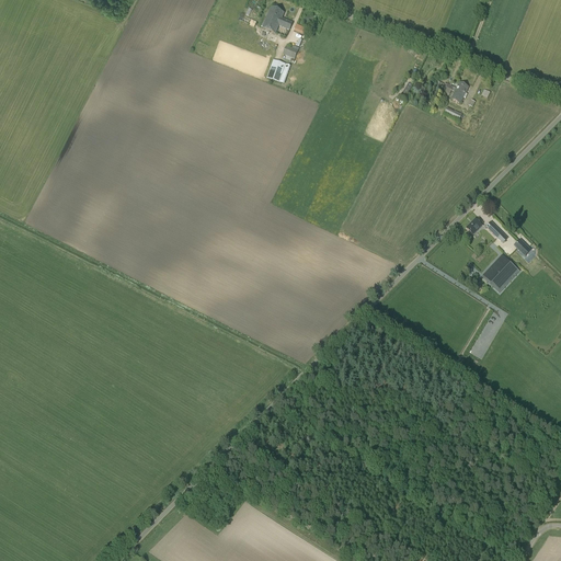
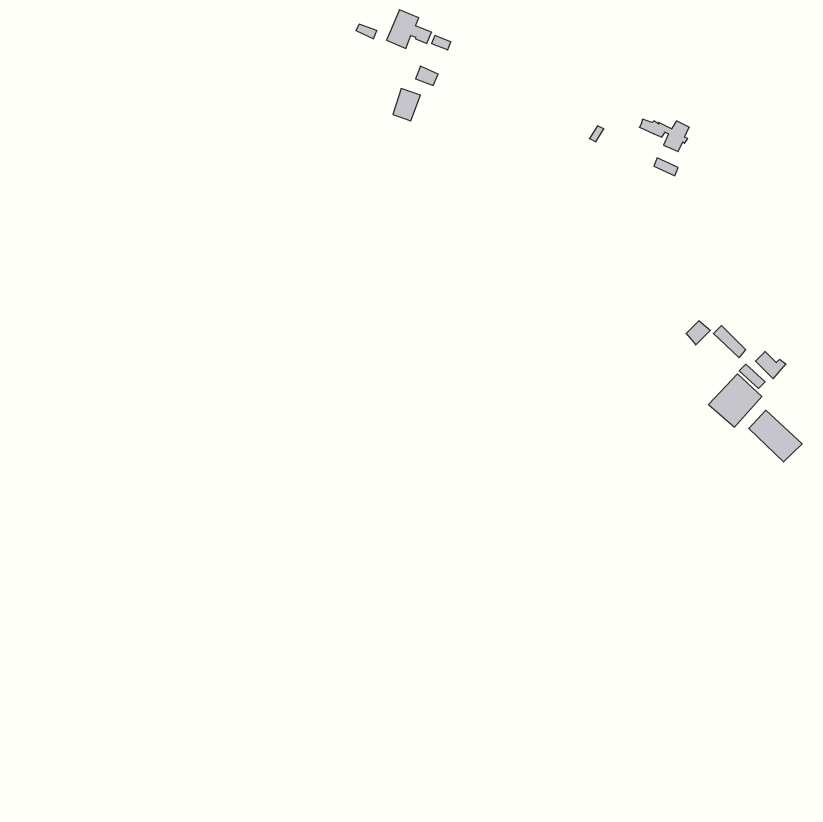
building: none -> [749,410,802,462]

